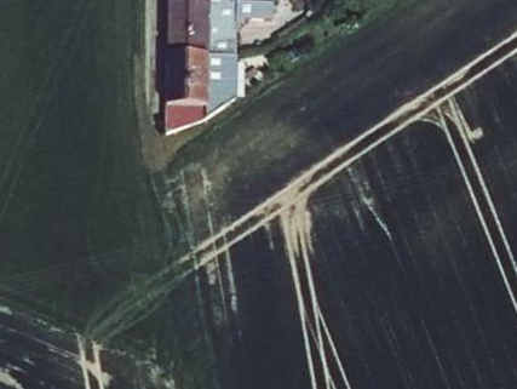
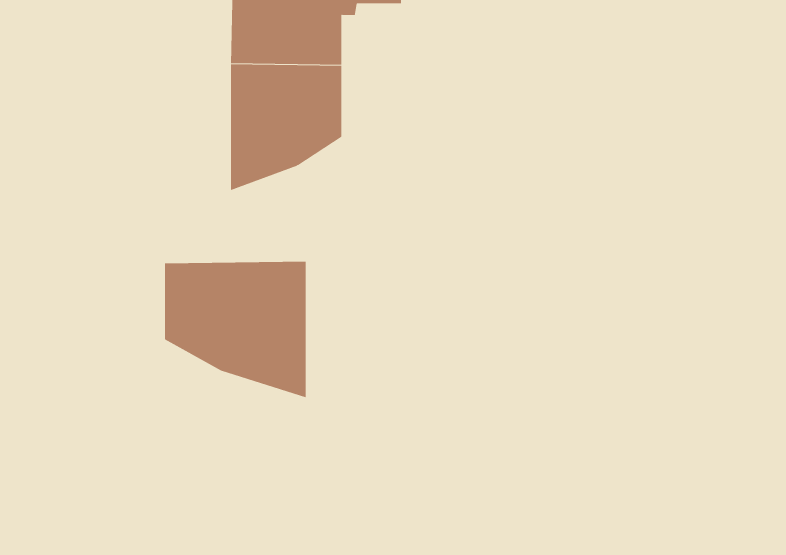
building: none -> [164,261,306,398]

